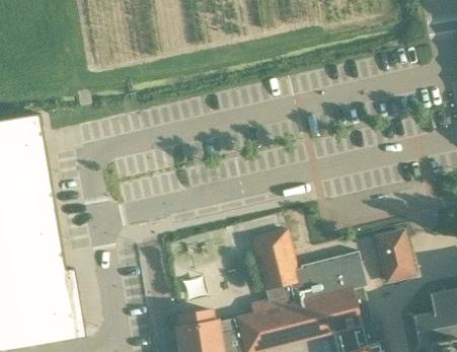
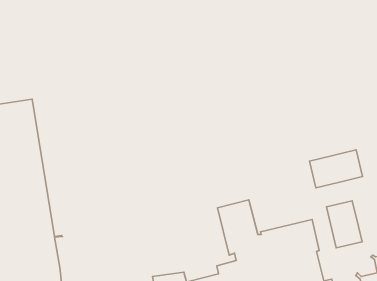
building: none -> [309,150,362,188]

